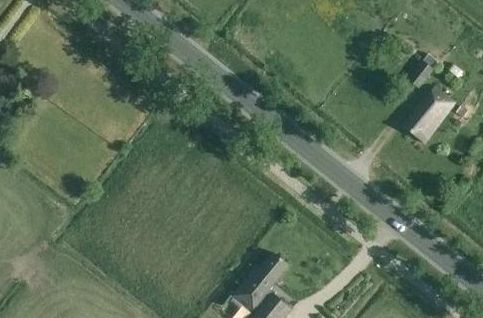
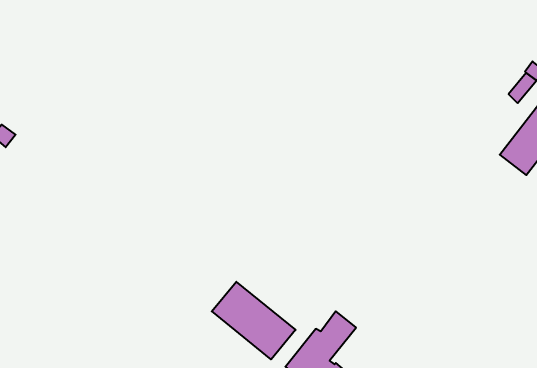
building: none -> [212,282,296,359]

